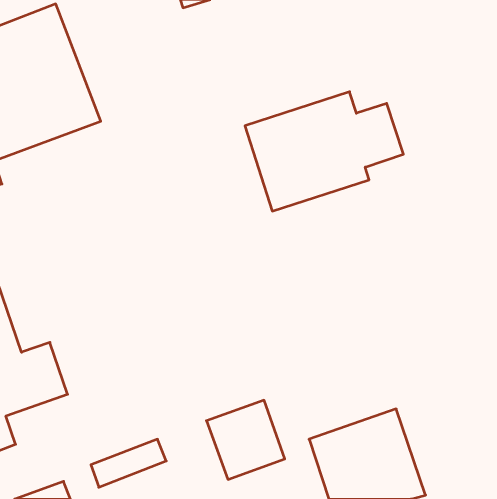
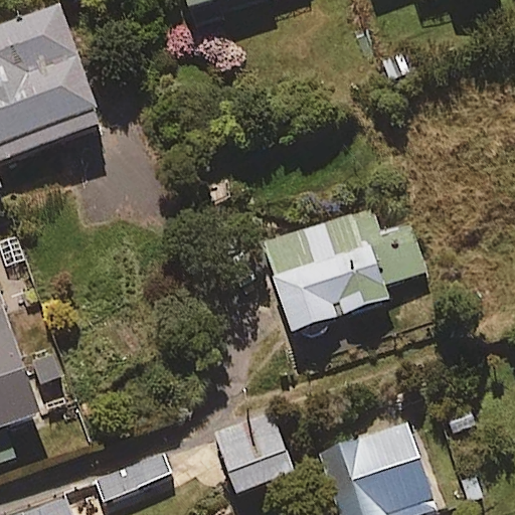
building: [245,92,403,211] -> [262,208,424,331]

